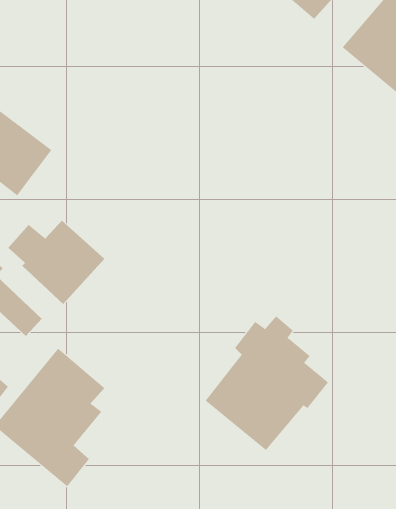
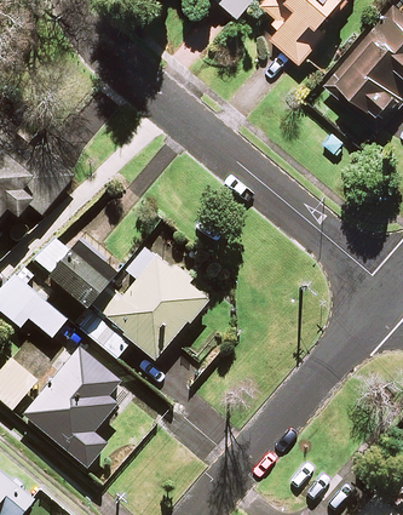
building: [205,316,329,451] -> [100,244,208,361]

